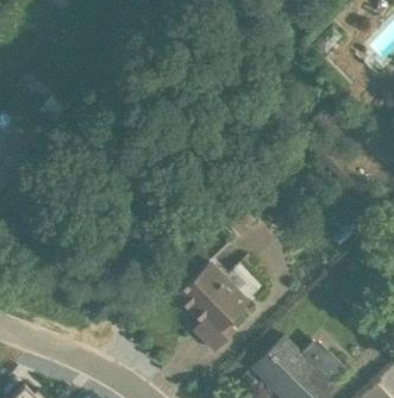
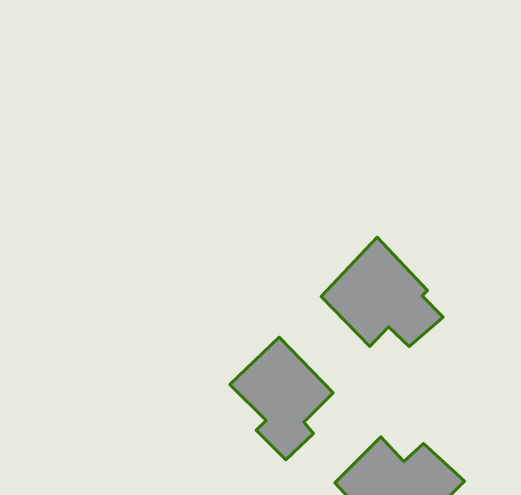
building: none -> [321,237,443,347]

